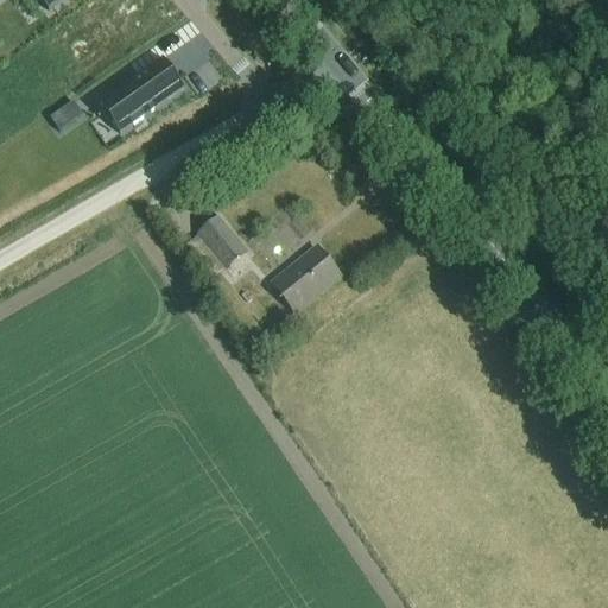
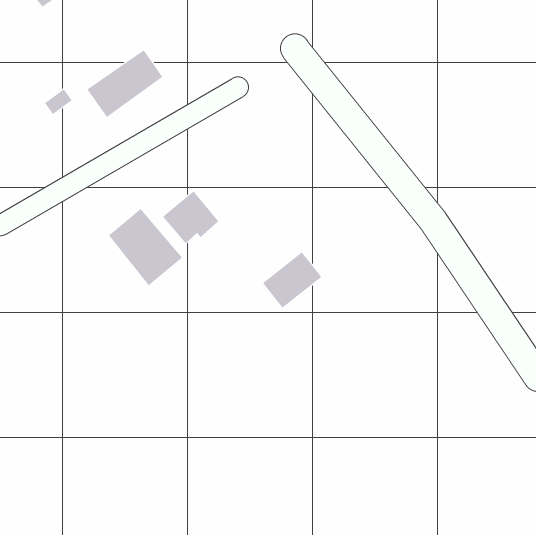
building: none -> [108,208,183,286]
building: [273,246,341,310] -> [262,252,322,308]

